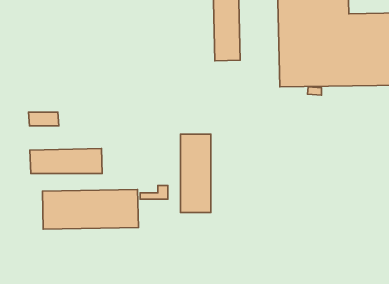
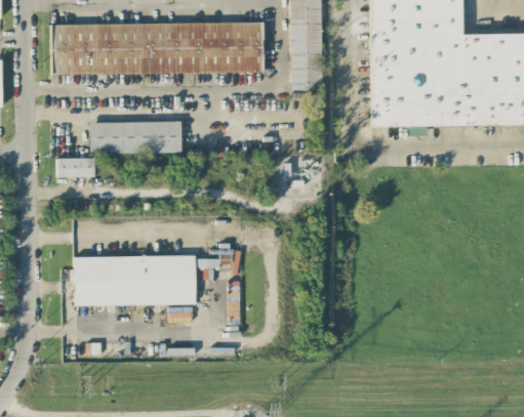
building: none -> [49,22,263,74]
building: [181,134,211,213] -> none
building: [30,148,102,174] -> [90,121,182,153]

